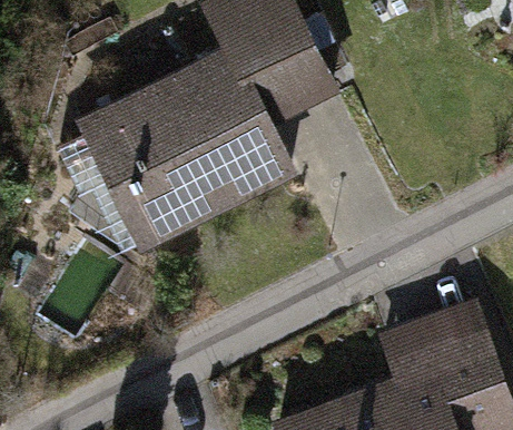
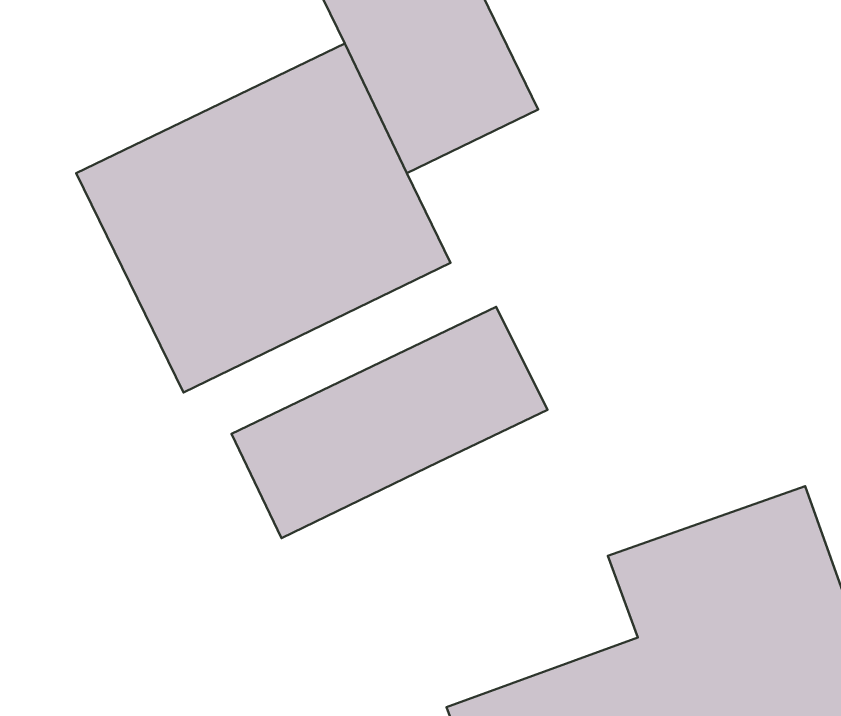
building: none -> [232,307,548,538]

